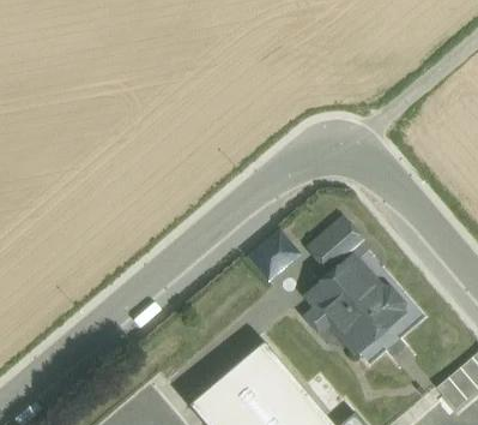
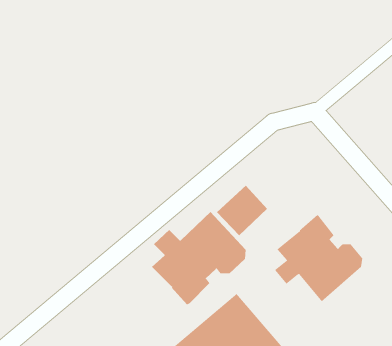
building: [310,220,368,275] -> none
building: none -> [151,211,246,305]

